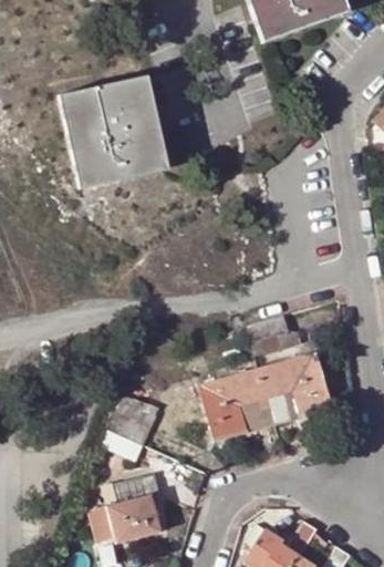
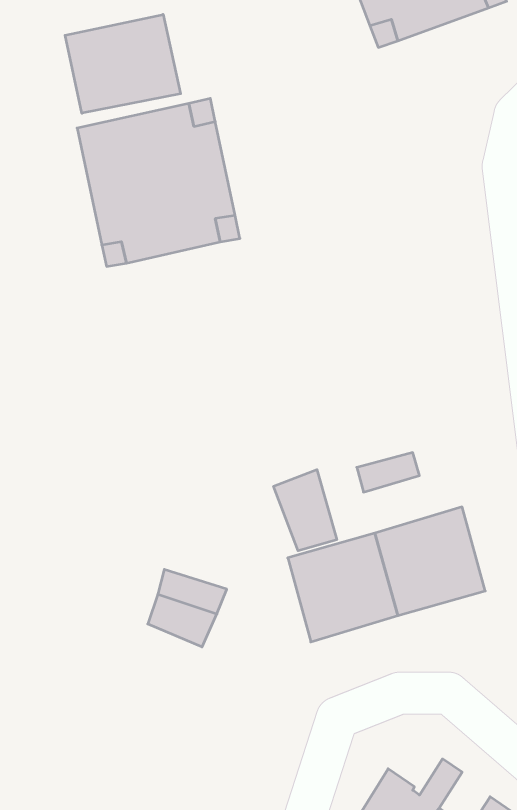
building: none -> [65,14,181,113]
building: none -> [274,470,337,551]
building: [105,474,159,543] -> none

